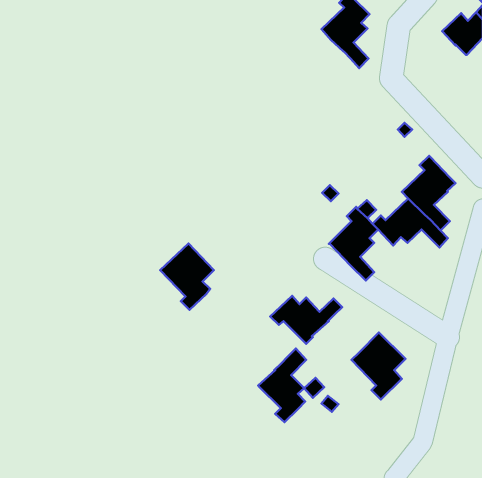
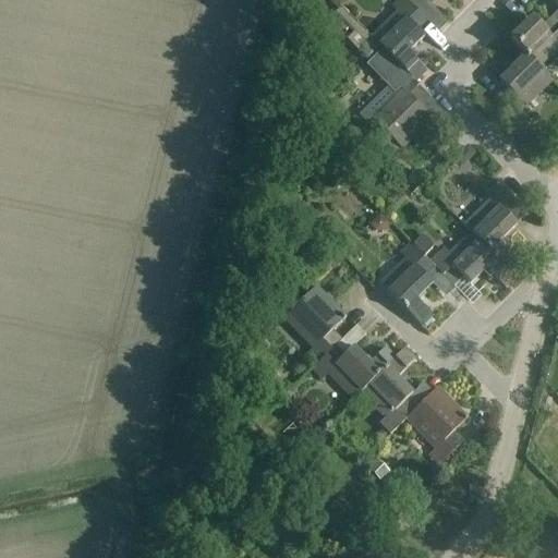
building: none -> [368,46,433,145]
building: none -> [497,51,553,119]
building: [160,244,214,310] -> [284,283,347,360]
building: [258,349,306,422] -> [361,345,416,430]

